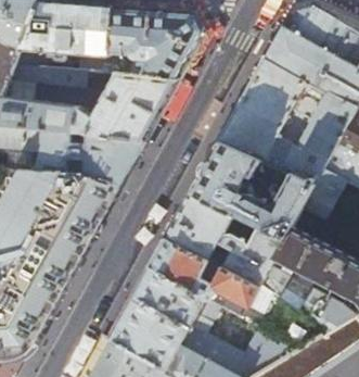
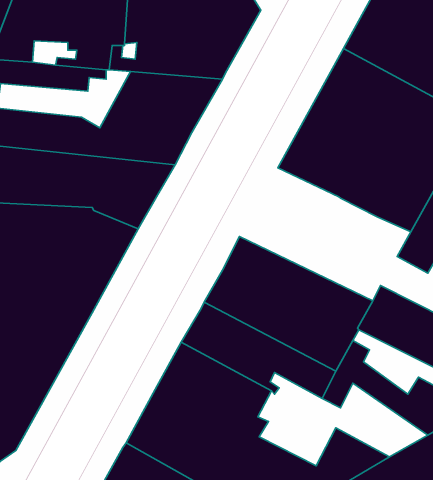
building: [189,142,310,237] -> none

